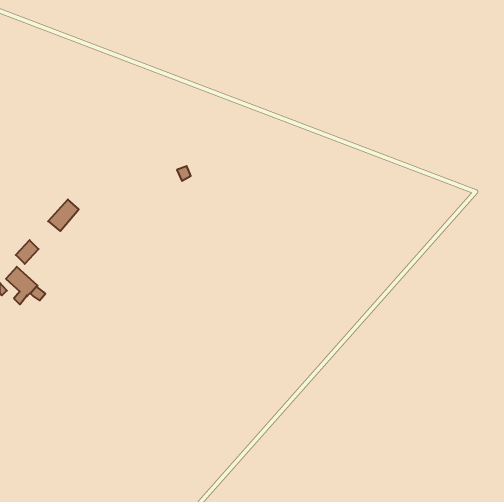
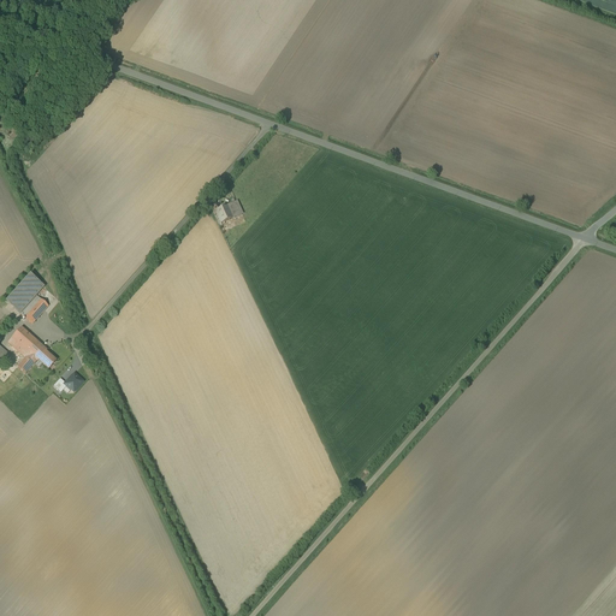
building: [48,199,79,231] -> [5,272,42,310]

